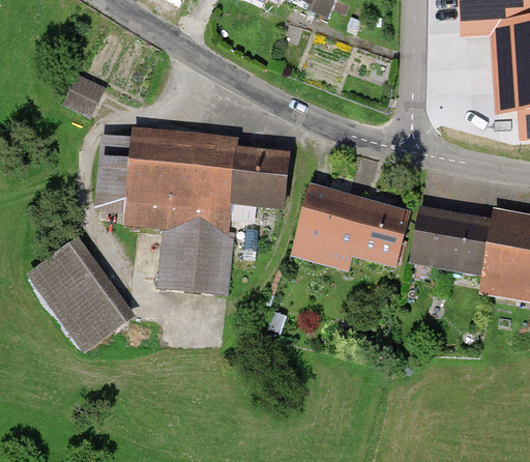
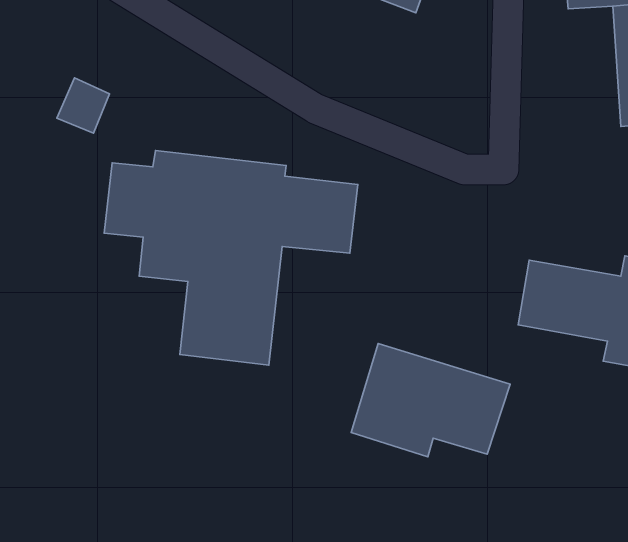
building: [291,182,413,269] -> [351,344,510,457]
building: [28,242,131,356] -> none

